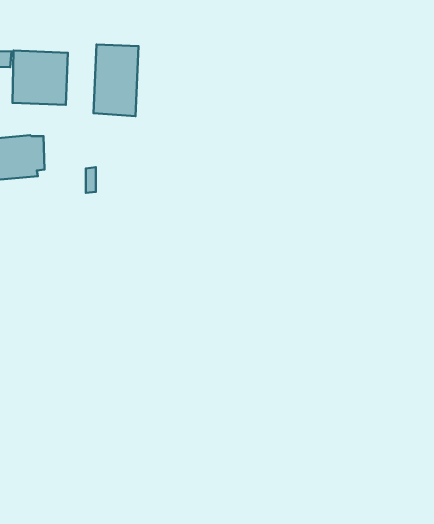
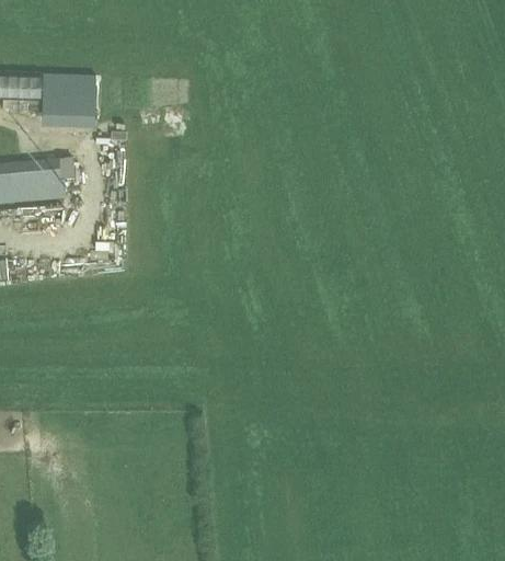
building: [94,44,138,116] -> none

